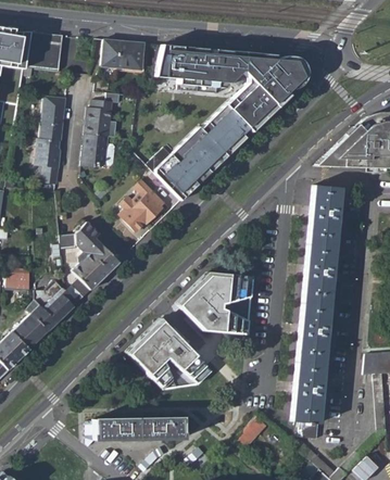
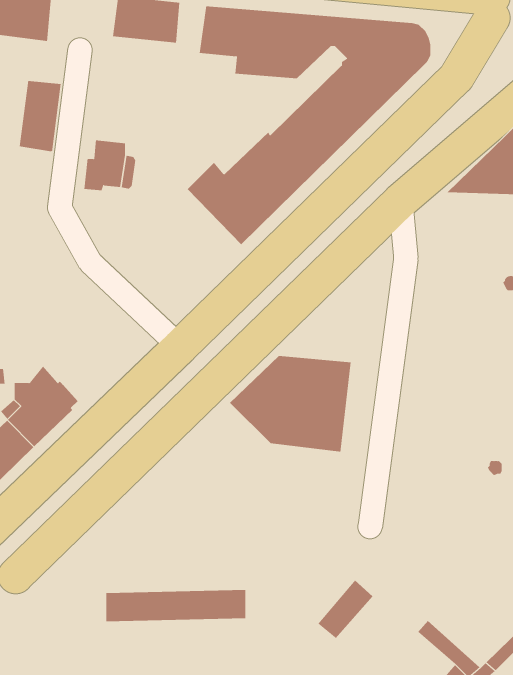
building: [85,91,122,136] -> none
building: [35,137,61,184] -> none
building: [119,178,166,230] -> none
building: [295,186,339,438] -> none
building: [61,220,119,301] -> none
building: [125,316,211,388] -> none

